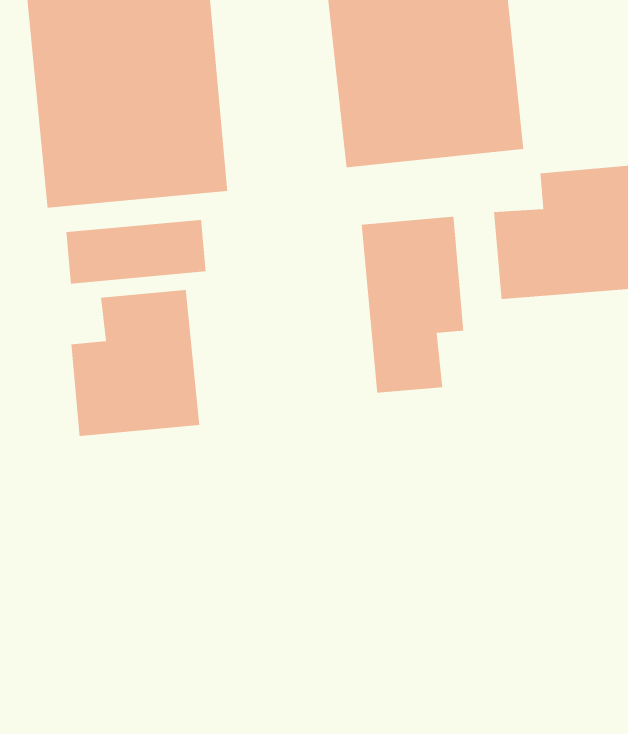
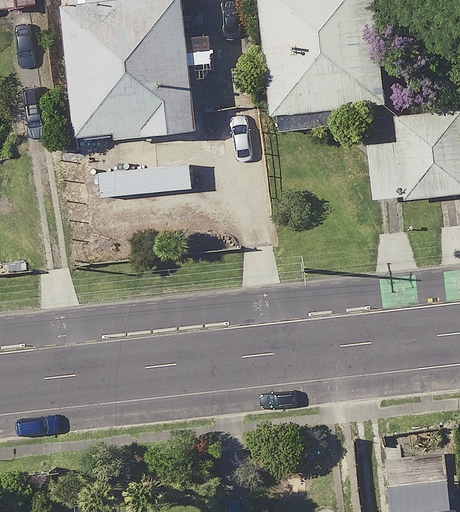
building: [361,216,464,393] -> none
building: [70,289,200,437] -> none

